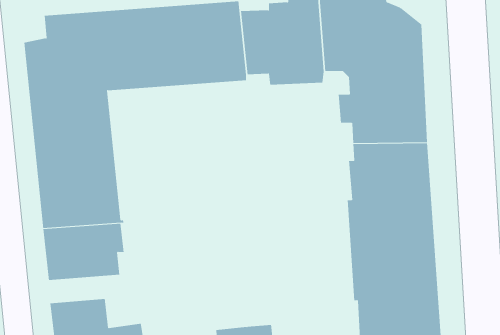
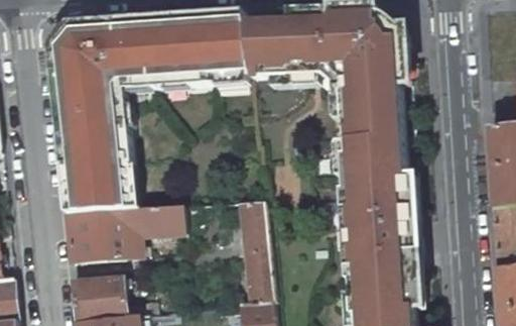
building: none -> [238,205,273,306]
building: none -> [136,210,184,239]

